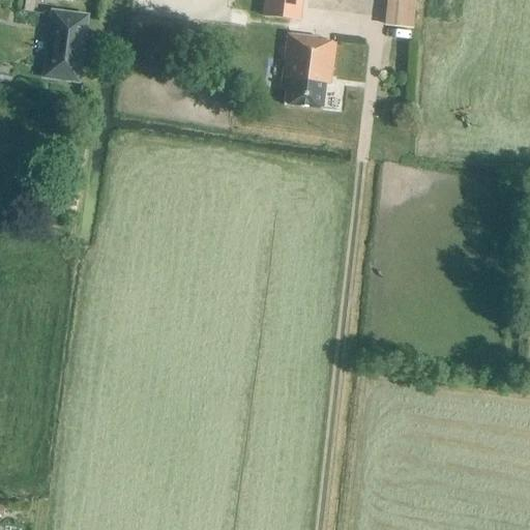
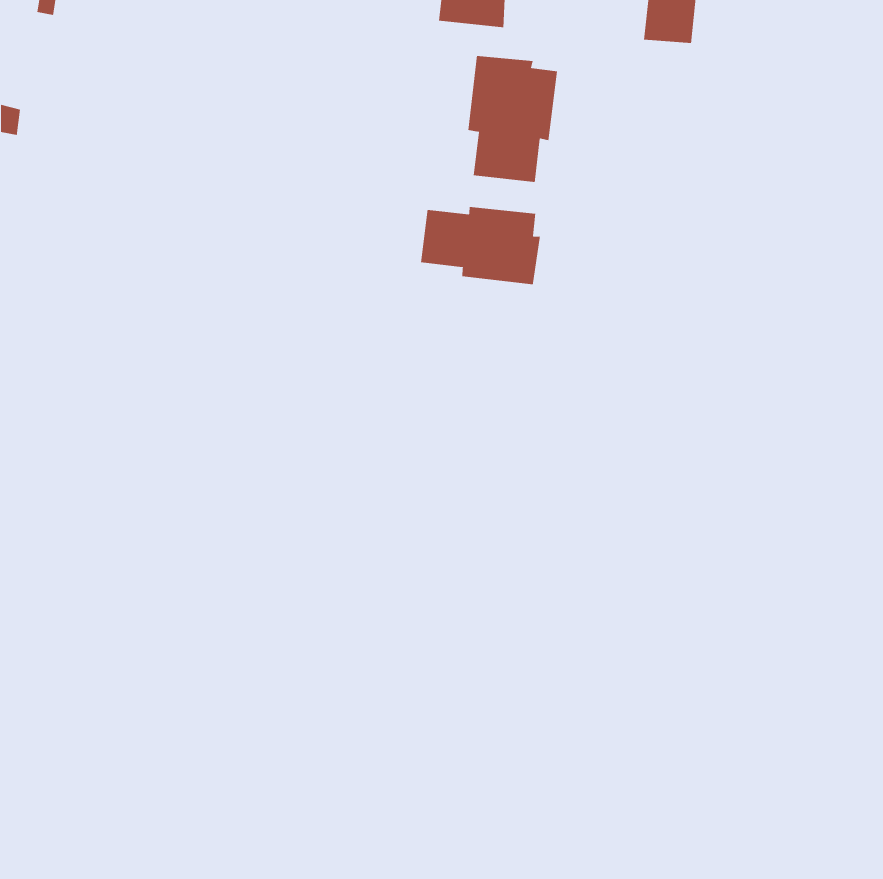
building: [43,6,91,80] -> none
building: none -> [421,206,540,285]

